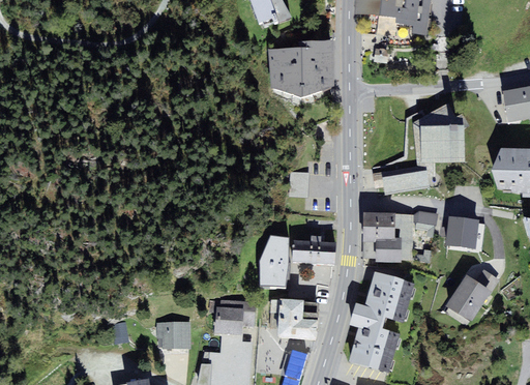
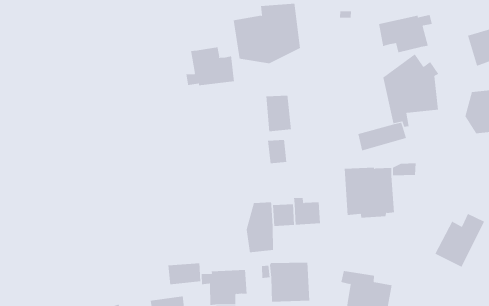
building: none -> [378,14,433,53]
building: none -> [186,46,234,86]
building: none -> [266,95,292,132]
building: [447,218,476,244] -> none
building: [352,271,414,322] -> none
building: none -> [168,262,201,285]

